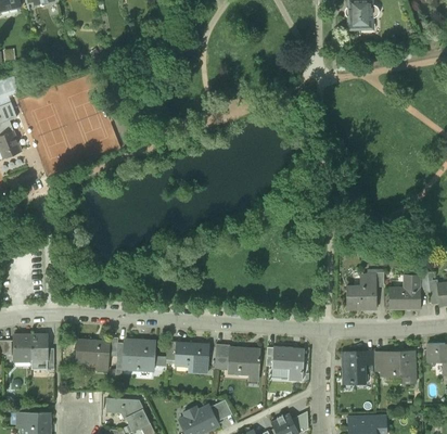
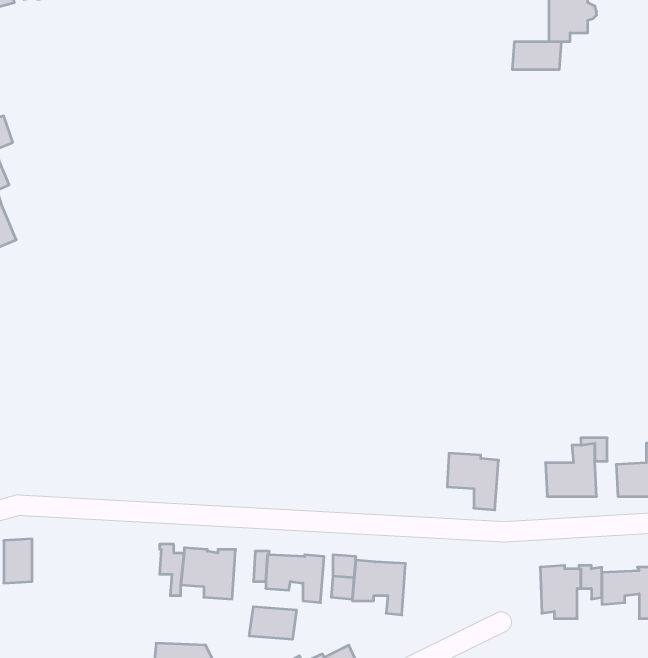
building: none -> [512,42,561,70]
building: [31,334,48,360] -> none
building: [76,340,111,370] -> none
building: [272,346,304,381] -> [447,453,499,510]
building: none -> [249,607,296,639]

